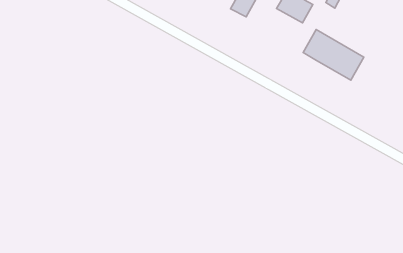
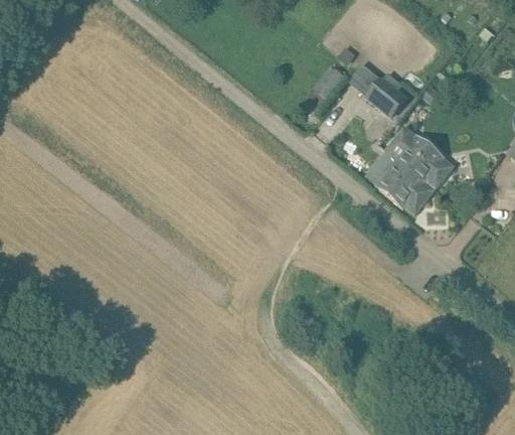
building: none -> [375,159,435,214]

